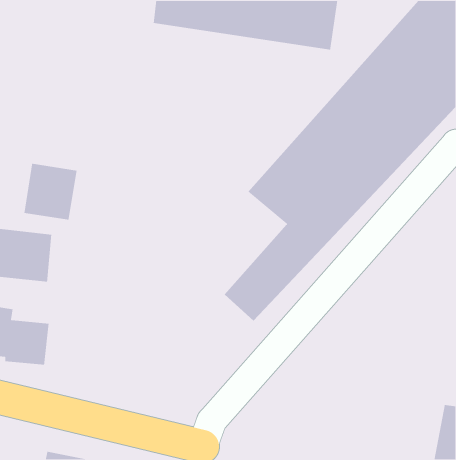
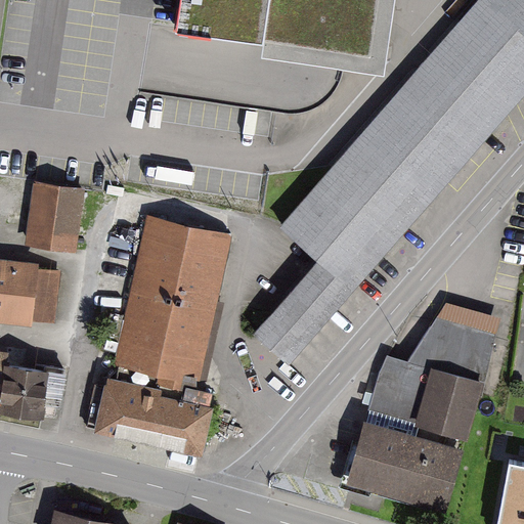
building: none -> [116,215,234,382]
building: none -> [345,304,495,515]
building: none -> [90,378,210,451]

